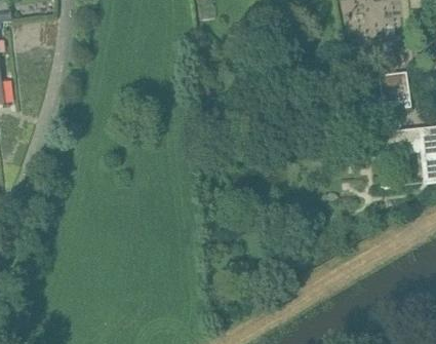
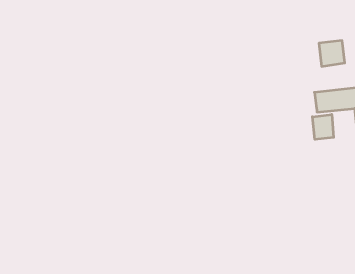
building: none -> [312,114,334,139]

